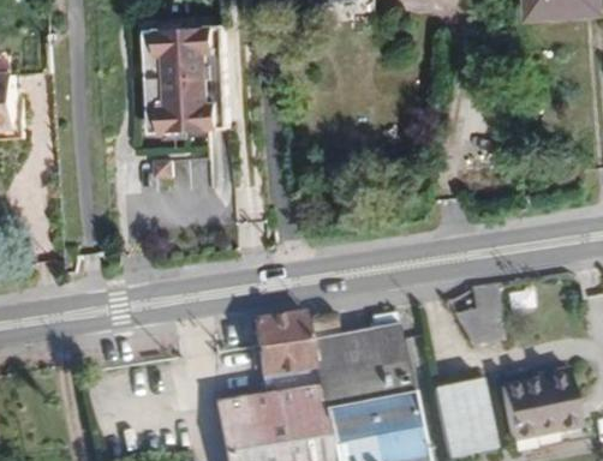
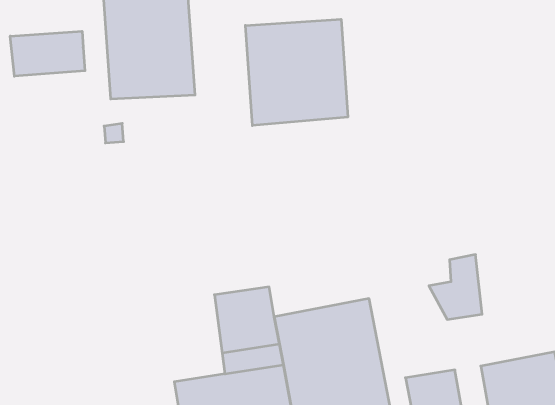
building: none -> [245,19,348,126]
building: none -> [10,31,85,76]

